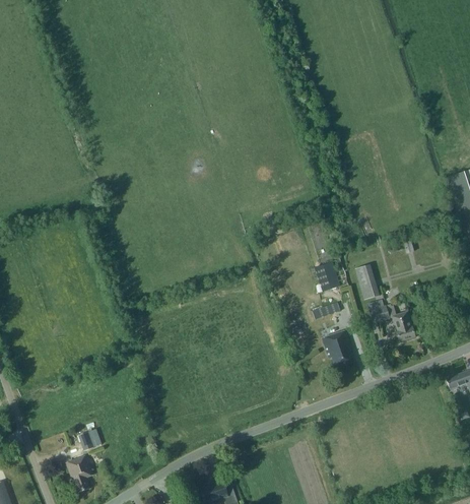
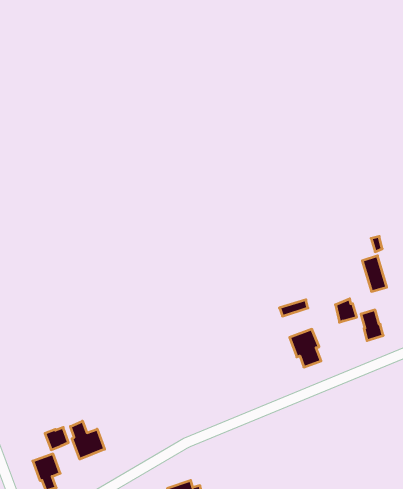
building: [314,260,339,290] -> none
building: [354,263,379,299] -> [362,256,387,291]
building: none -> [70,421,105,459]

